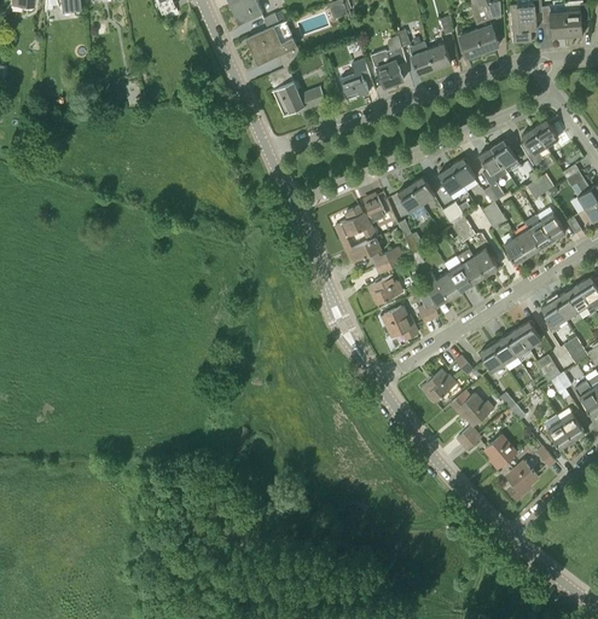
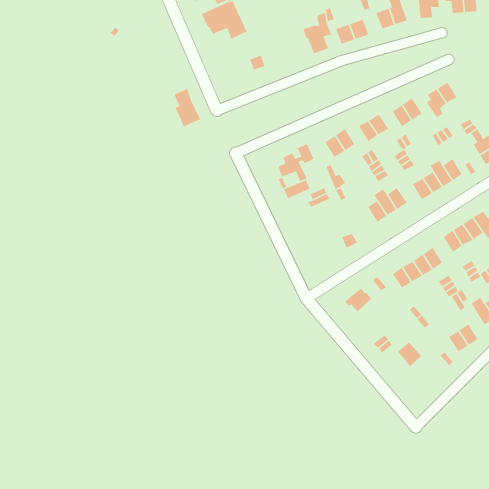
building: [339,59,370,99] -> none
building: [267,66,304,115] -> [170,88,201,127]
building: [422,272,460,305] -> none
building: [367,274,401,302] -> none
building: [382,306,416,339] -> none
building: [451,389,493,426] -> none
building: [505,461,536,499] -> none

